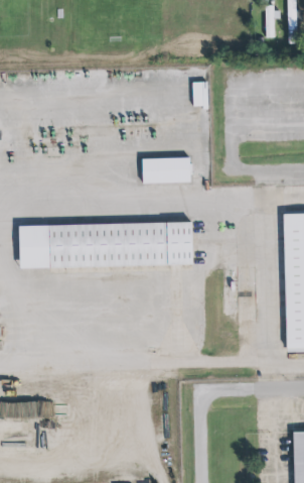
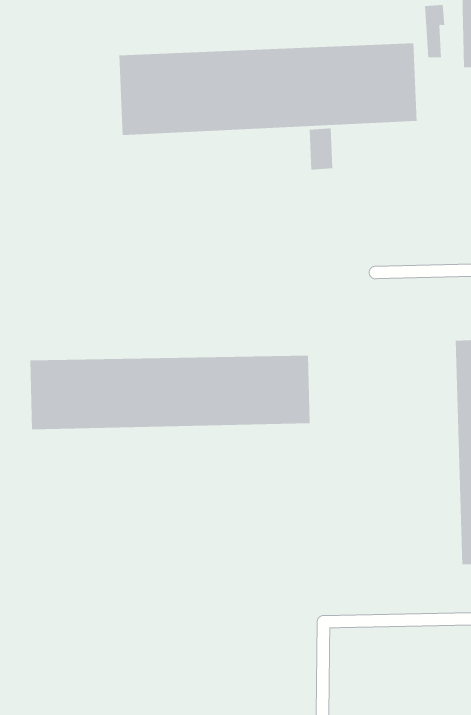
building: none -> [119,43,417,136]
building: [142,156,190,184] -> none

